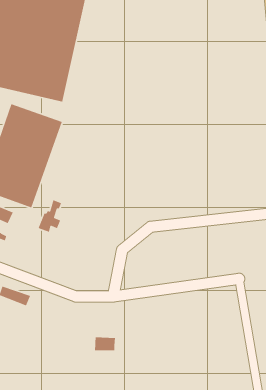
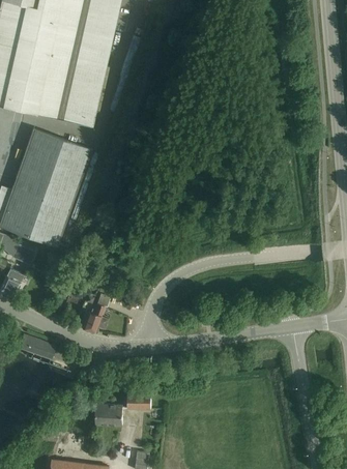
building: [37,199,62,233] -> [82,295,110,333]
building: none -> [96,404,123,424]

